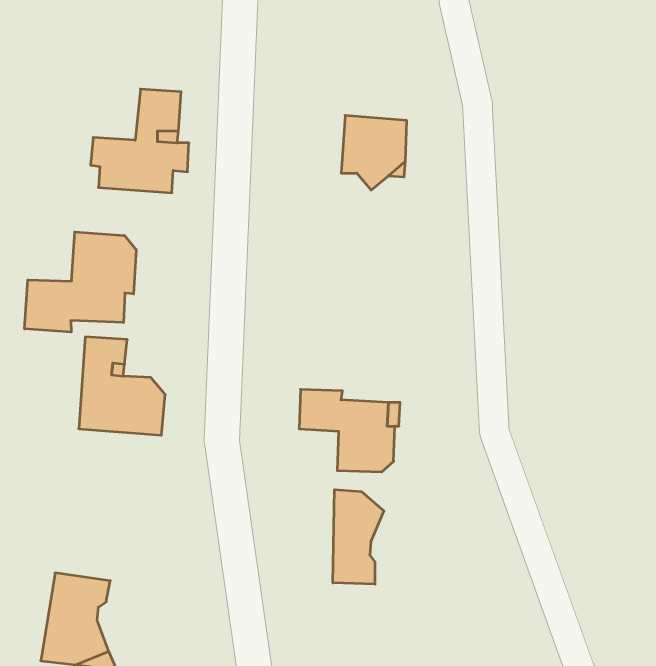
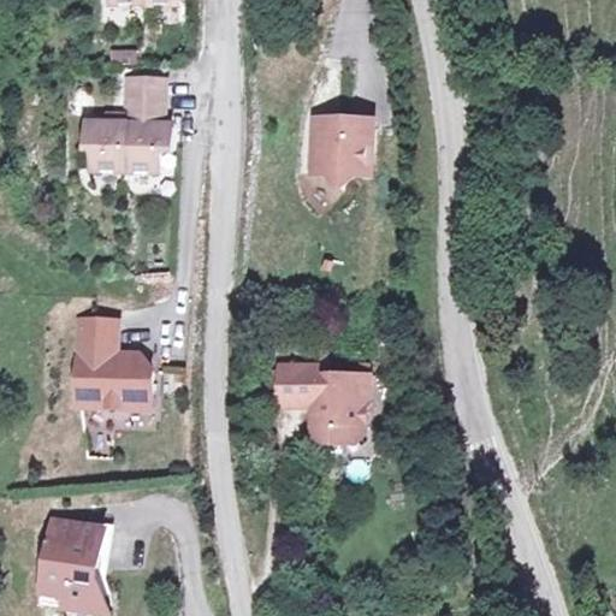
building: [25,232,136,332] -> none
building: [333,490,384,584] -> none

